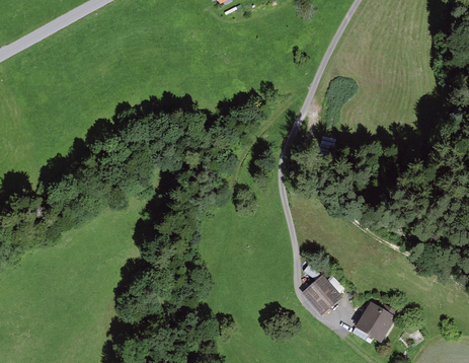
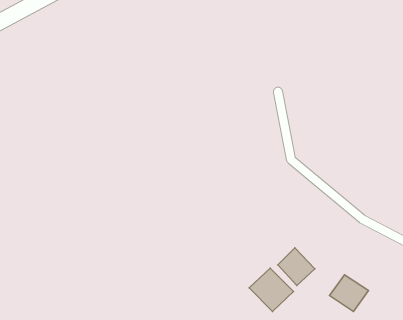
building: none -> [249,268,293,311]

